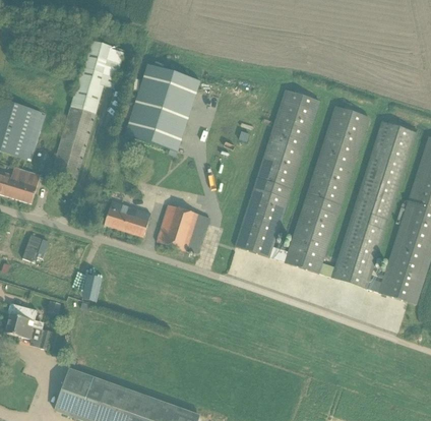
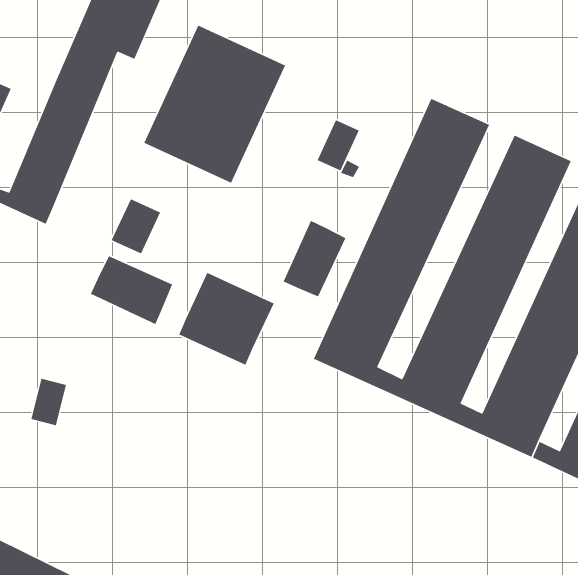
building: none -> [316,119,360,171]
building: none -> [111,198,161,255]
building: none -> [283,220,347,298]

